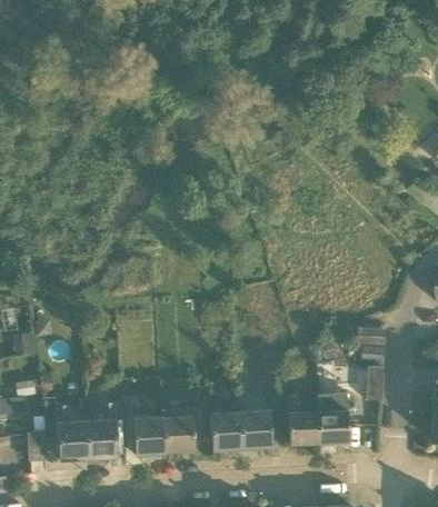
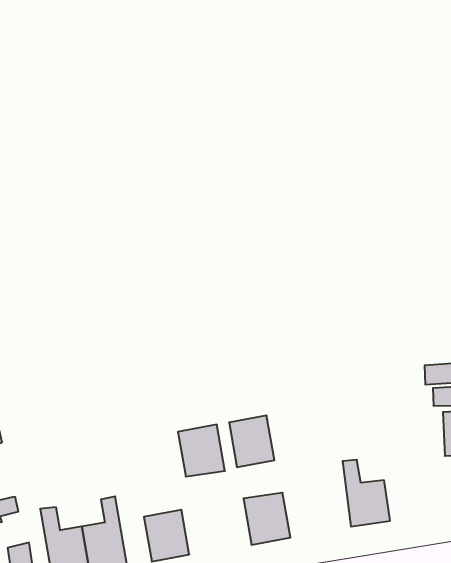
building: [317,392,348,444] -> none
building: [239,411,270,448] -> [229,415,274,467]
building: [161,416,193,453] -> [178,425,225,477]

